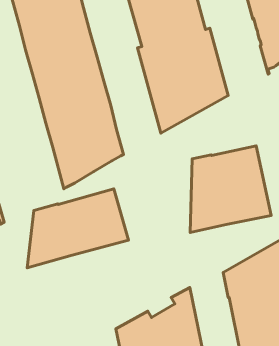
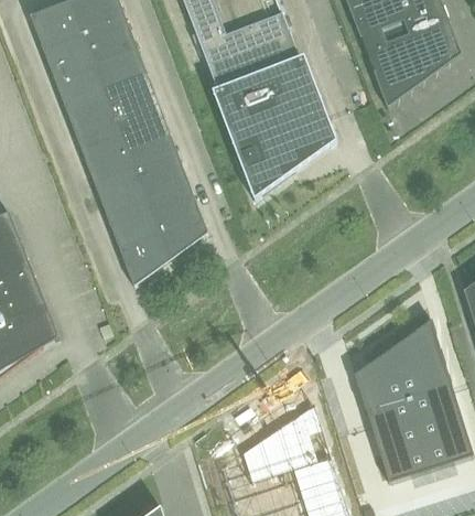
building: [190,146,271,232] -> none
building: [27,189,128,268] -> none

